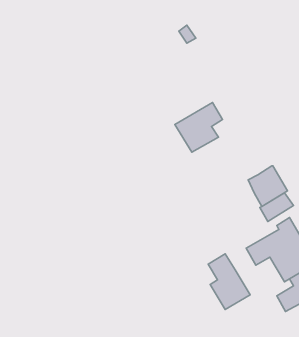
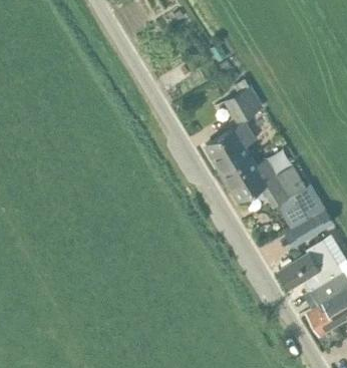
building: none -> [227,87,263,122]
building: none -> [225,157,306,206]
building: [208,254,250,309] -> none

